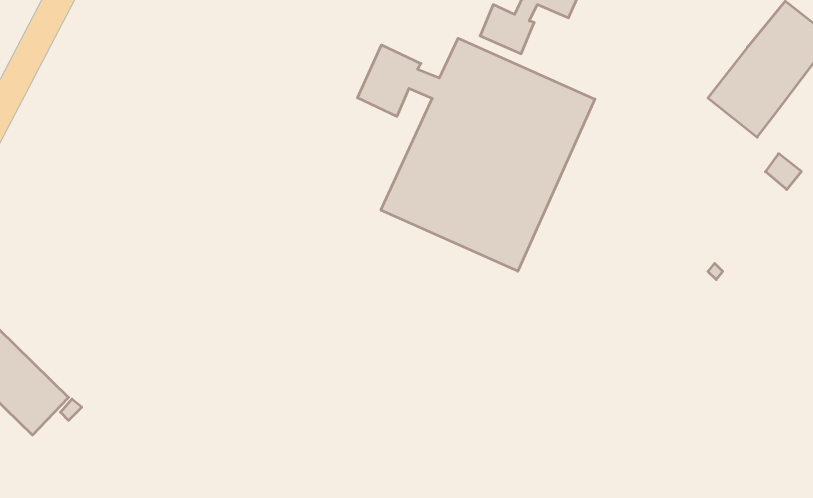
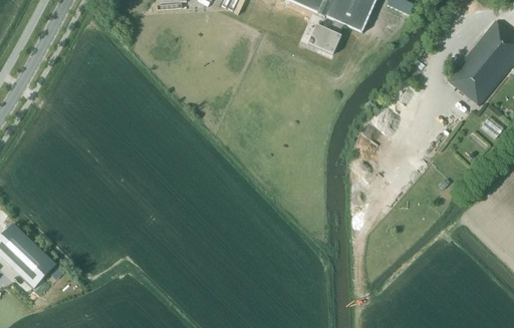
building: [358,38,595,271] -> none

